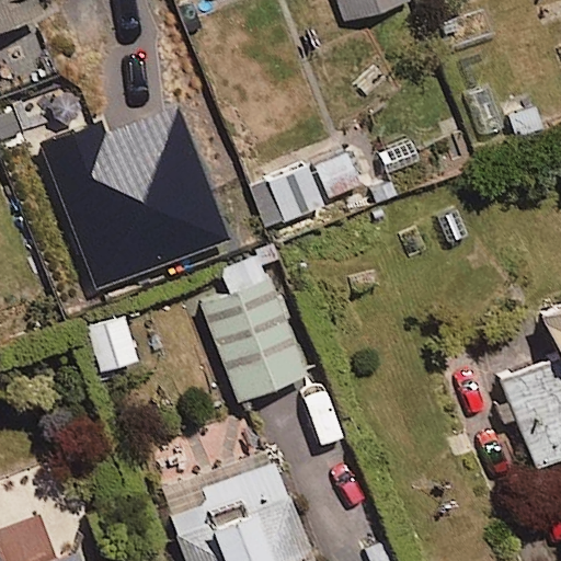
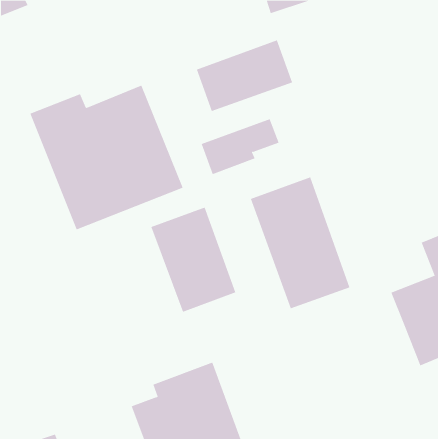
building: none -> [196,40,293,112]
building: none -> [250,177,350,309]

